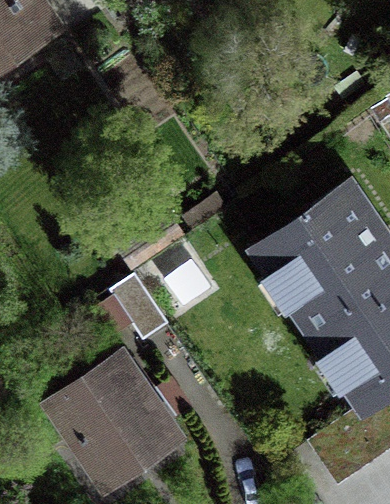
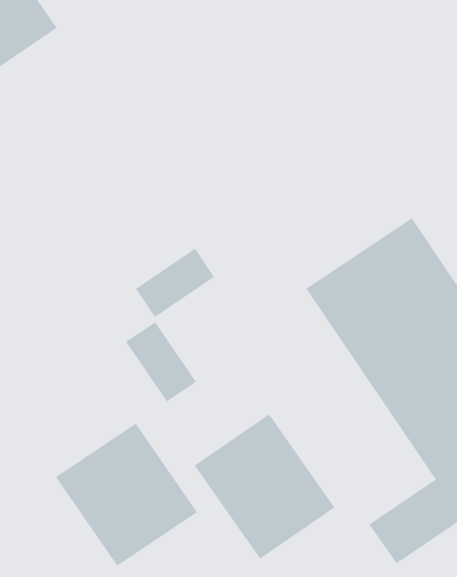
building: none -> [194,414,335,559]

